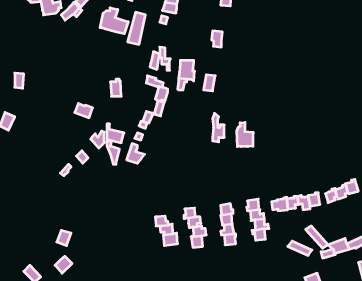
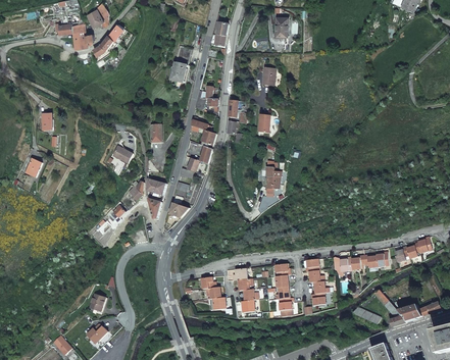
building: [100,8,128,34] -> none
building: [237,122,253,147] -> none

